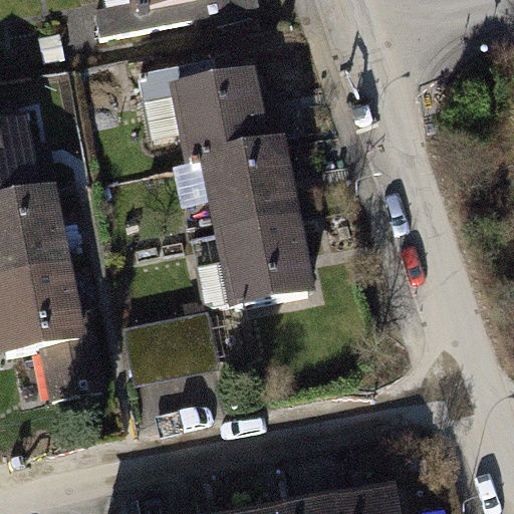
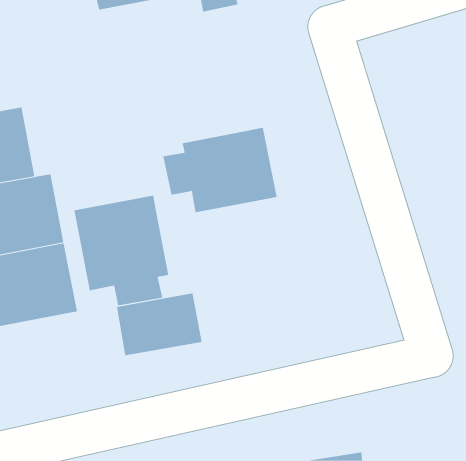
building: [143,66,283,158] -> none
building: none -> [74,195,169,306]
building: [196,213,314,308] -> none

